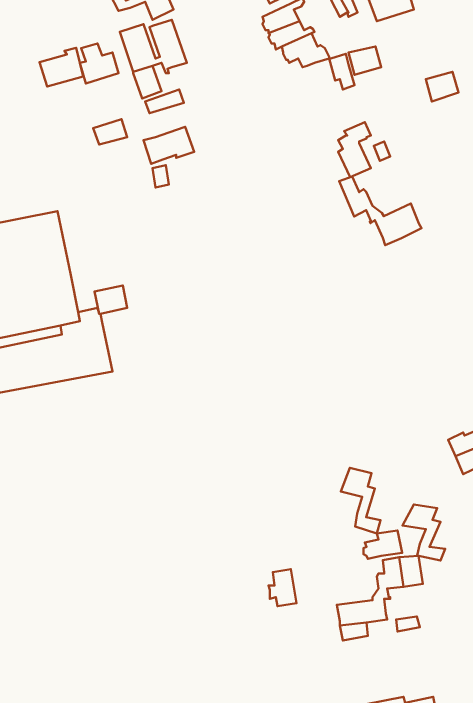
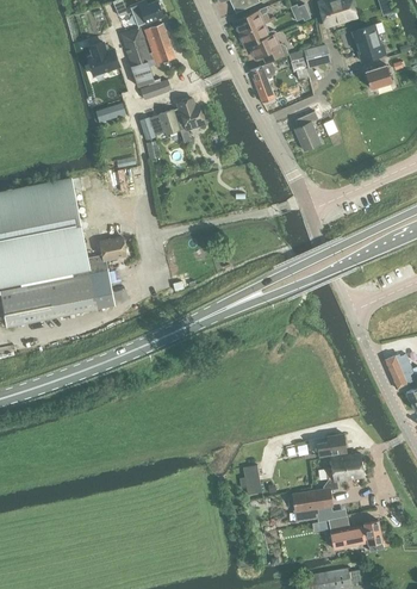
building: none -> [351,23,385,62]
building: [40,48,83,87] -> none
building: none -> [249,62,274,104]
building: none -> [172,100,204,130]
building: [339,176,422,245] -> none
building: [341,468,380,533] -> none
building: [403,505,445,561] -> none
building: none -> [326,516,382,552]

